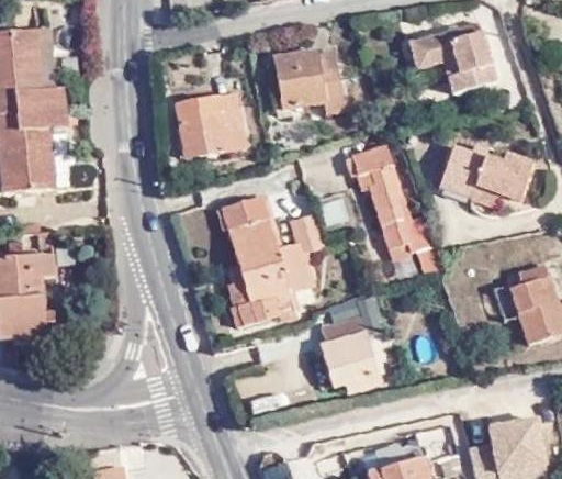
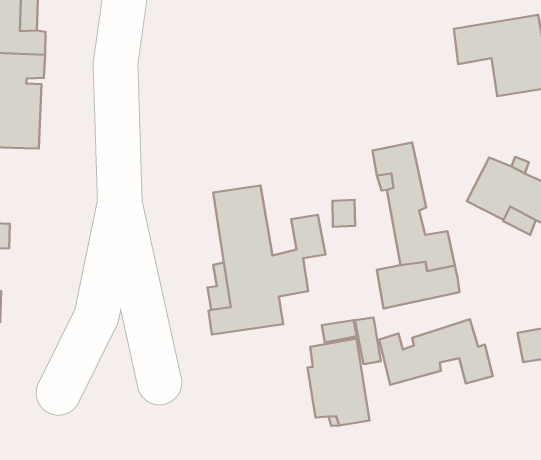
building: [273,48,342,113] -> none
building: [176,91,247,158] -> none
building: none -> [379,319,493,385]

